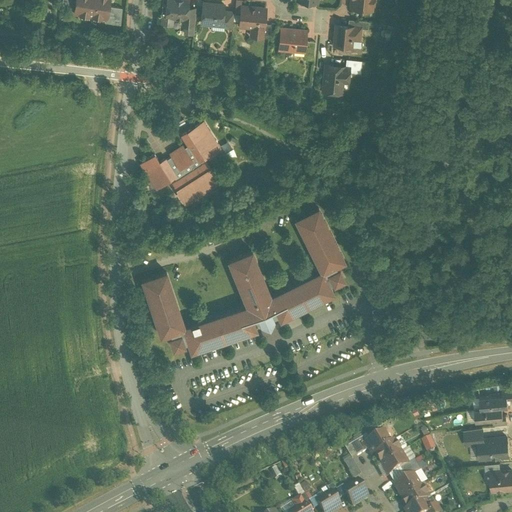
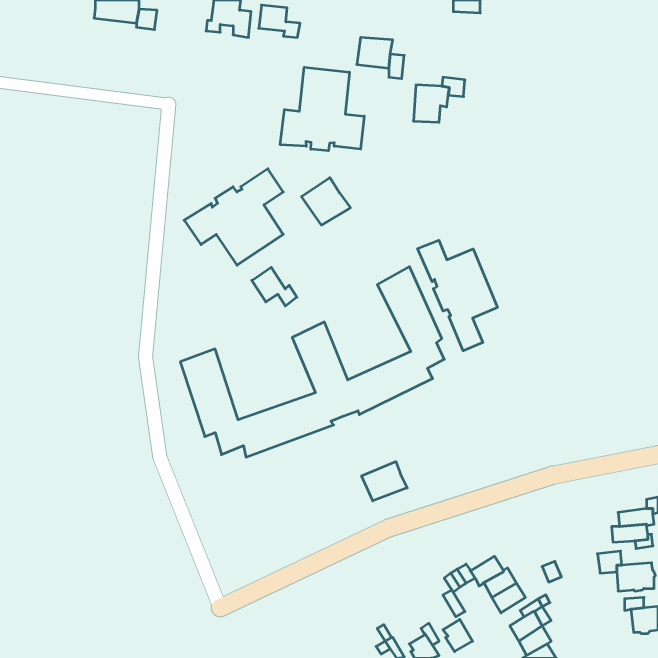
building: [240,8,265,39] -> none
building: [334,28,359,47] -> none
building: none -> [280,67,364,151]
building: none -> [302,178,350,225]
building: none -> [418,240,497,351]
building: none -> [252,267,297,306]
building: none -> [362,462,407,501]

